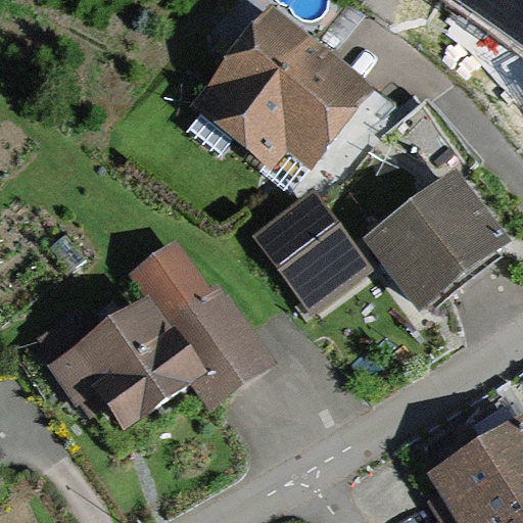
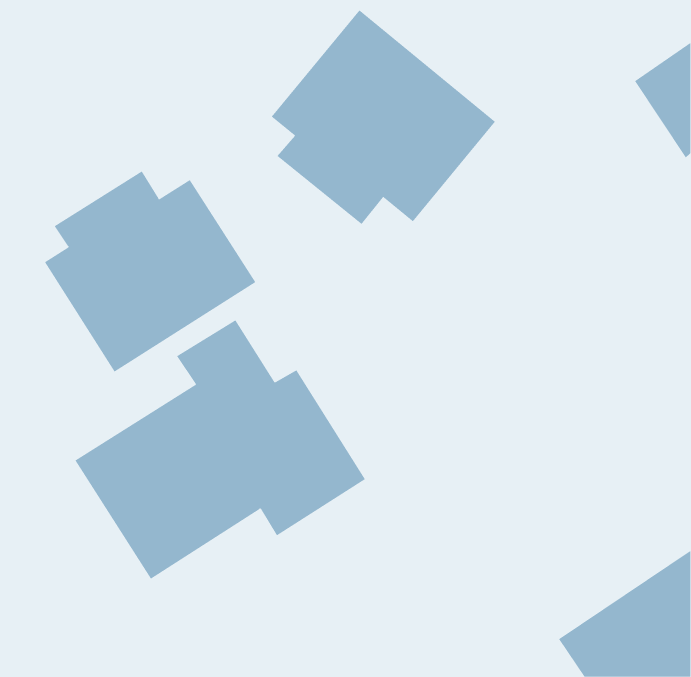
building: none -> [44,171,256,373]
building: [249,170,507,314] -> none

